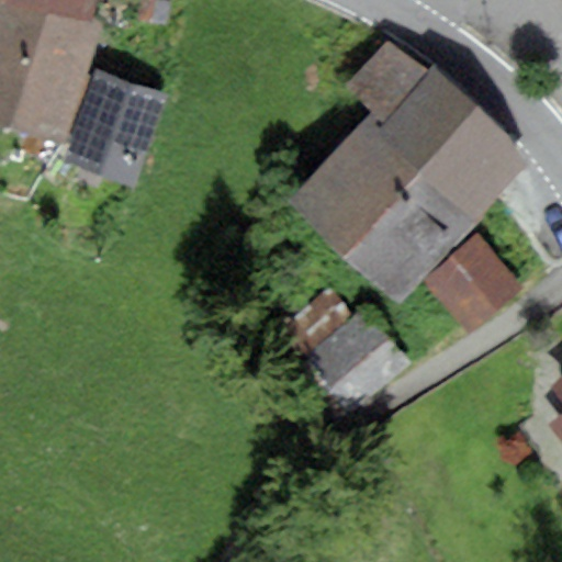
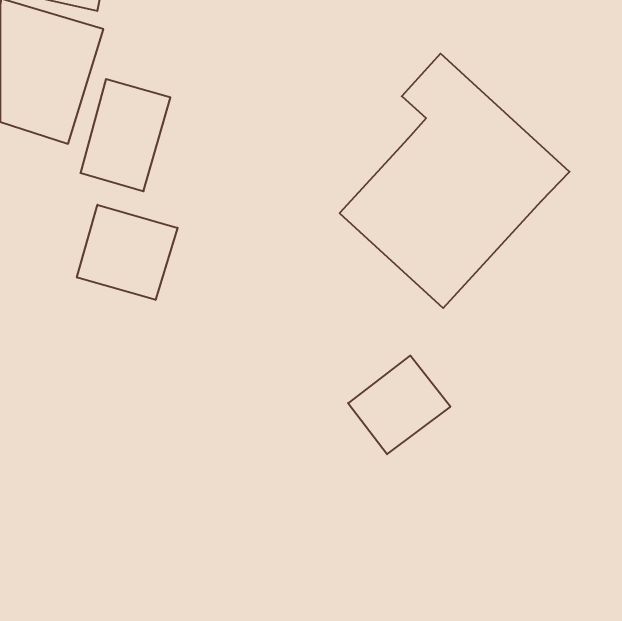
building: none -> [77,205,178,300]
building: [428,240,517,329] -> none

